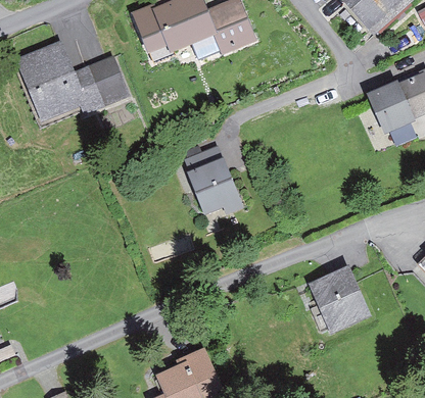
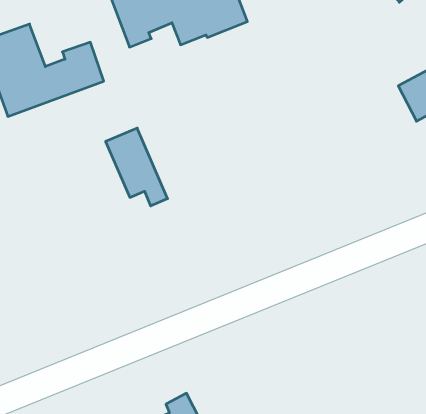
building: [191,149,243,214] -> [106,128,168,206]
building: [313,271,363,325] -> none

